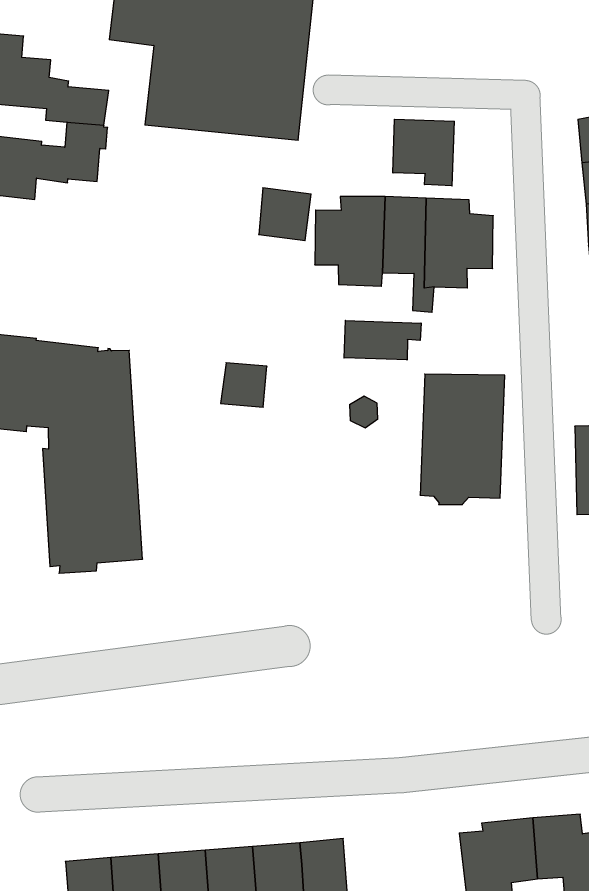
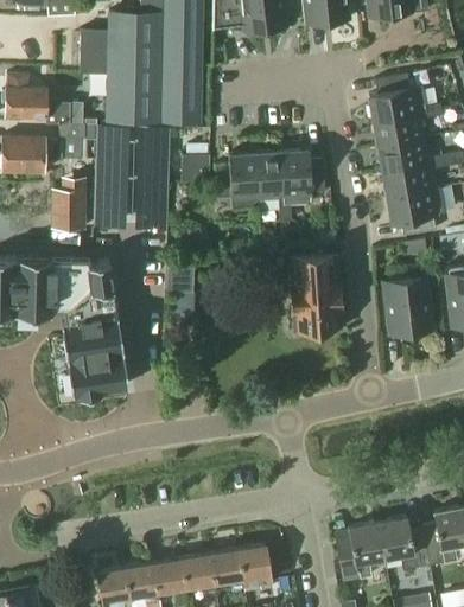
building: [393,119,454,186] -> none
building: none -> [93,122,170,226]
building: none -> [51,190,88,230]
building: [344,320,421,360] -> none

